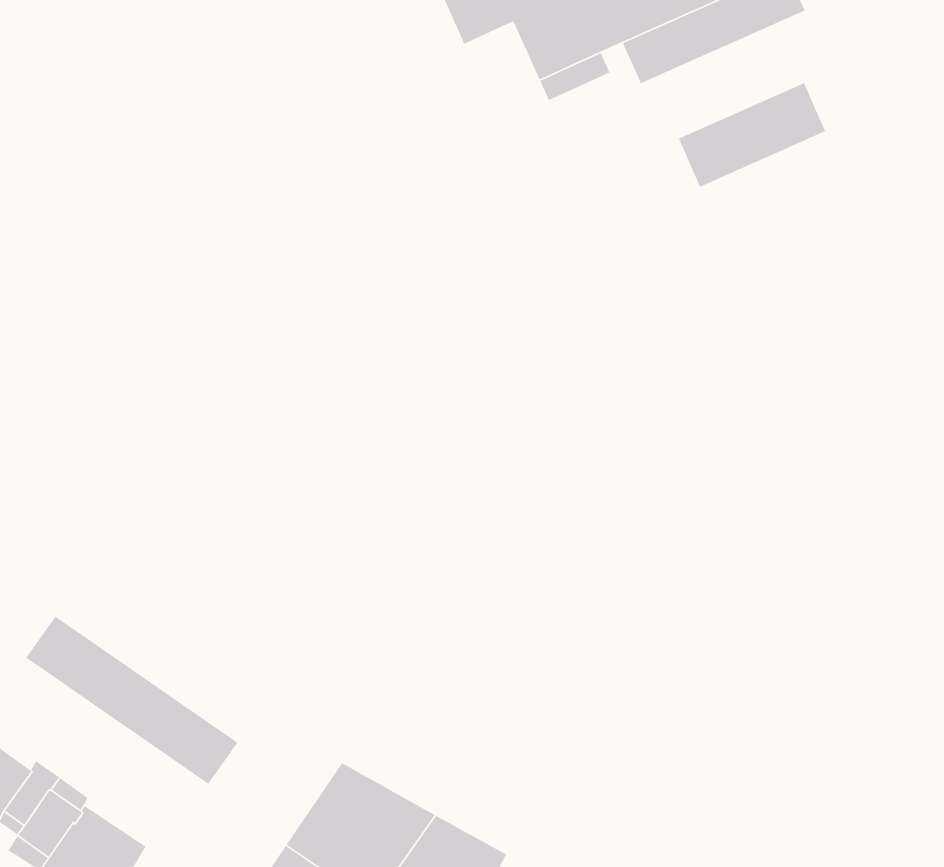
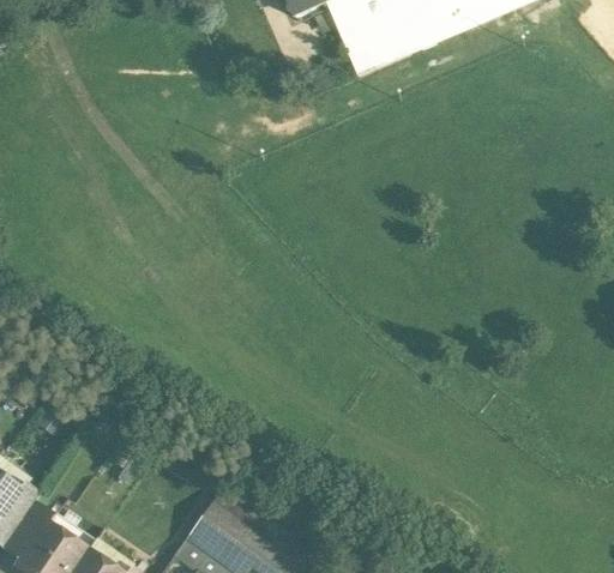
building: [678,82,826,188] -> none
building: [25,616,239,785] -> none

